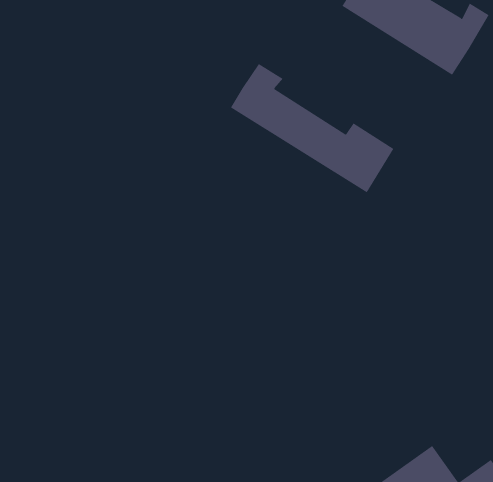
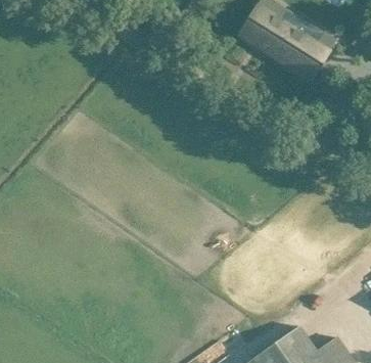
building: [230,63,394,193] -> none

